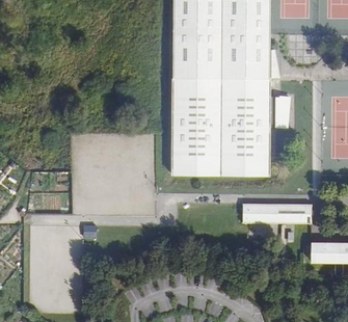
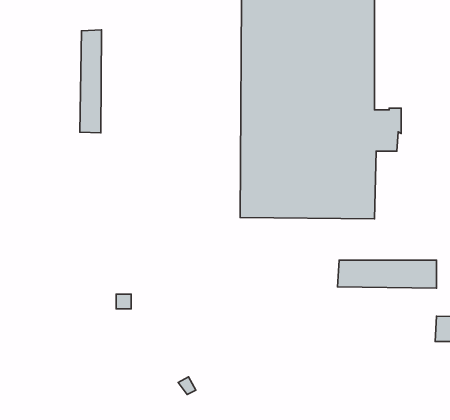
building: none -> [80,30,101,133]

